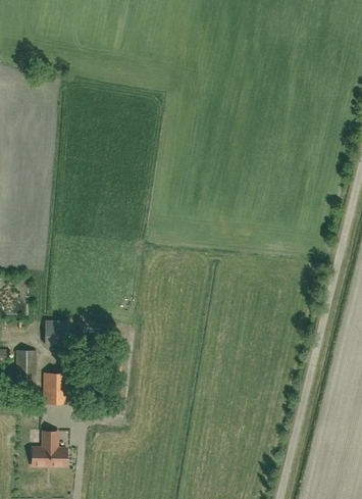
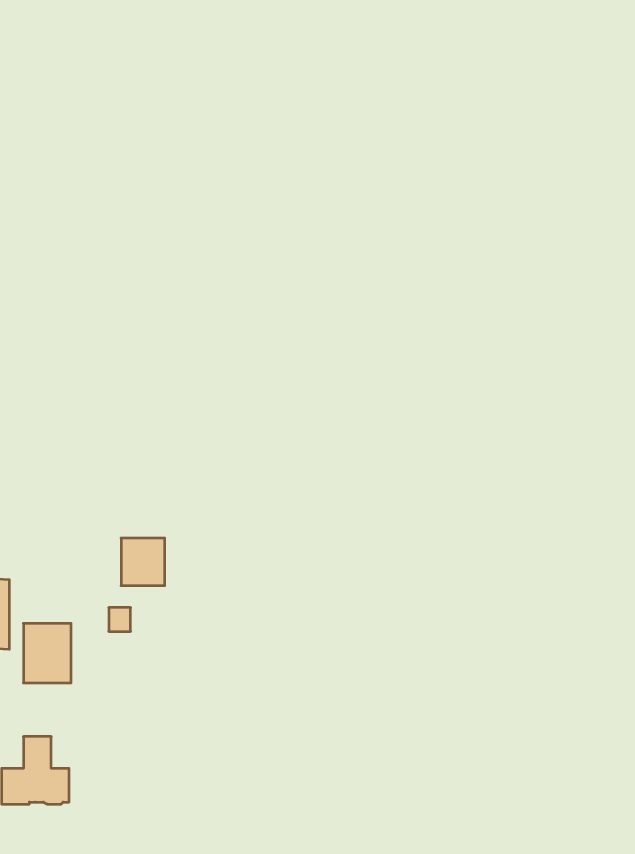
building: [47,320,69,345] -> [121,538,165,586]

